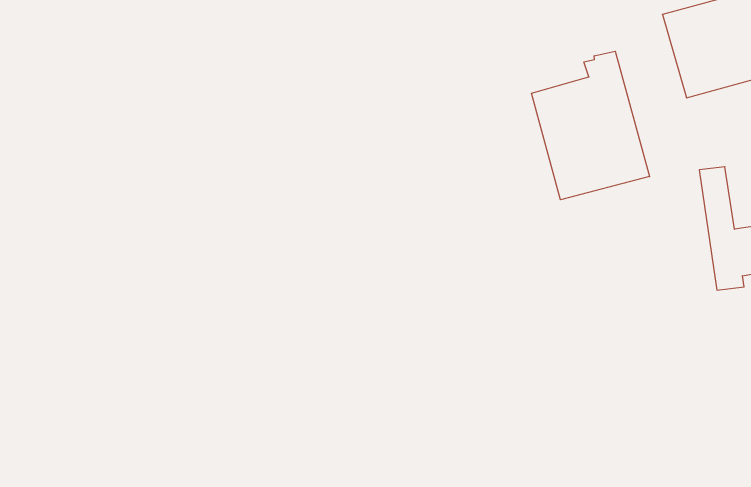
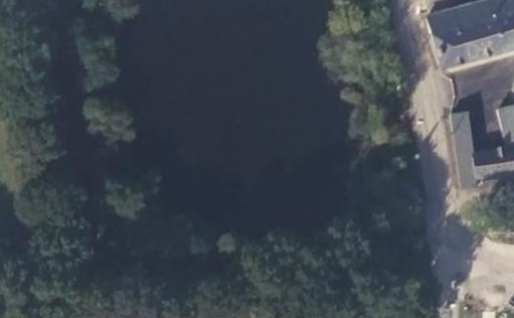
building: [531,51,650,200] -> none

